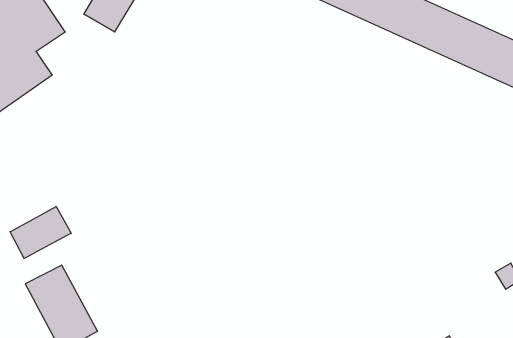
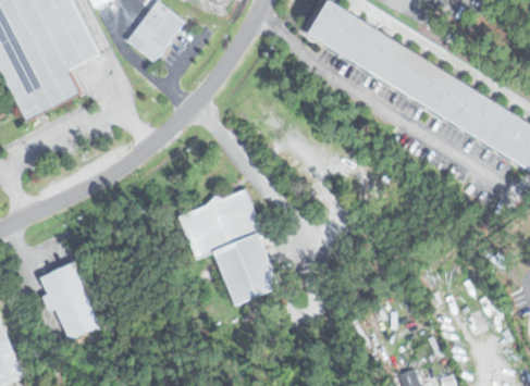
building: none -> [180,188,281,303]
building: [10,206,71,258] -> none

